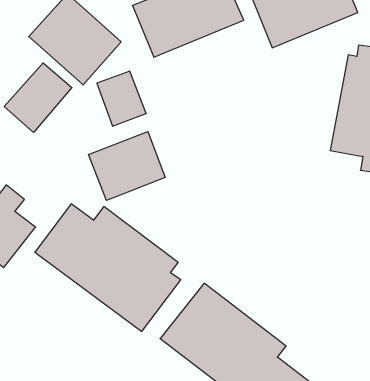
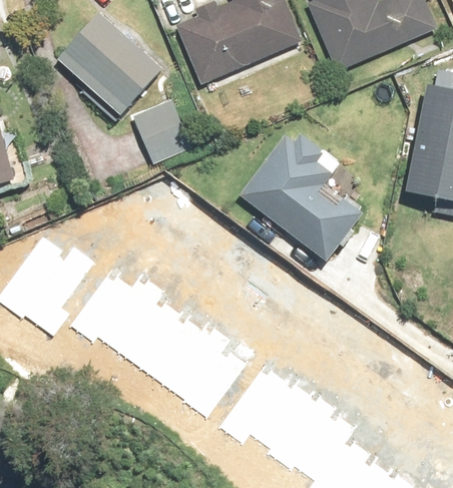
building: [4,63,72,132] -> none
building: none -> [238,131,365,262]
building: [89,132,165,200] -> none

